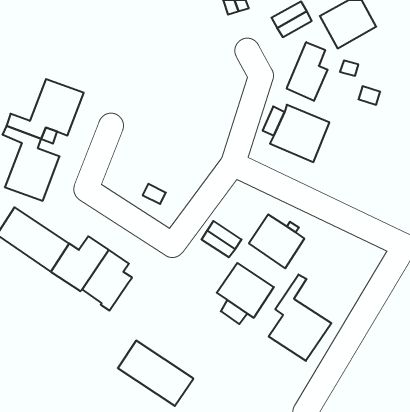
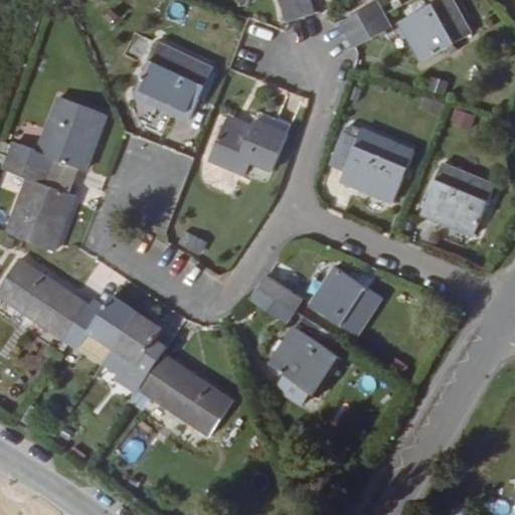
building: none -> [131,45,207,120]
building: [287,42,328,101] -> none
building: none -> [209,121,288,174]
building: none -> [418,164,494,237]
building: [269,274,331,361] -> none
building: [118,341,193,406] -> [137,353,231,435]

